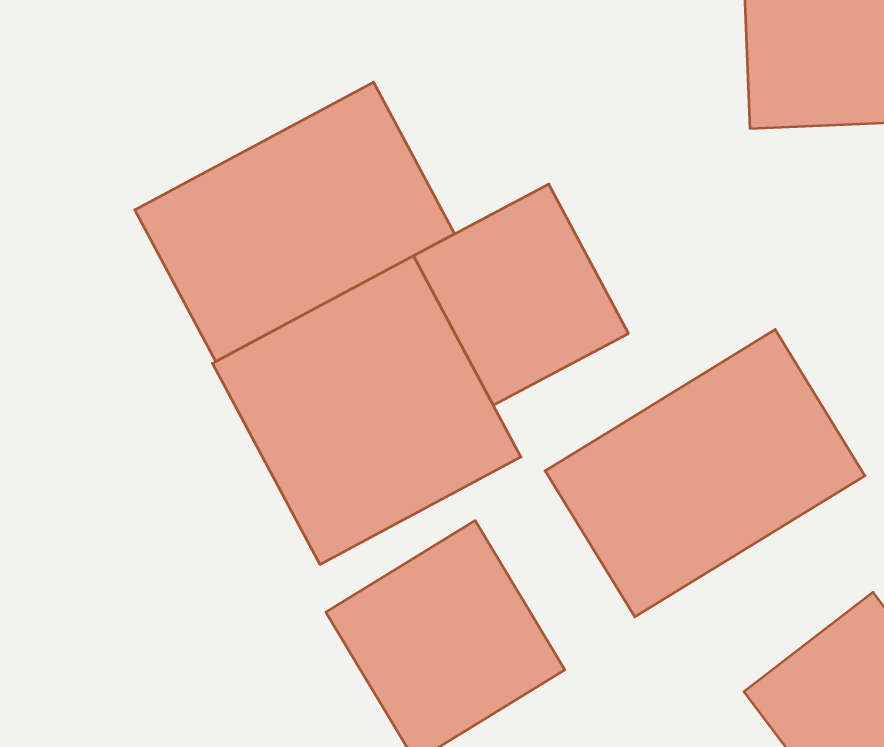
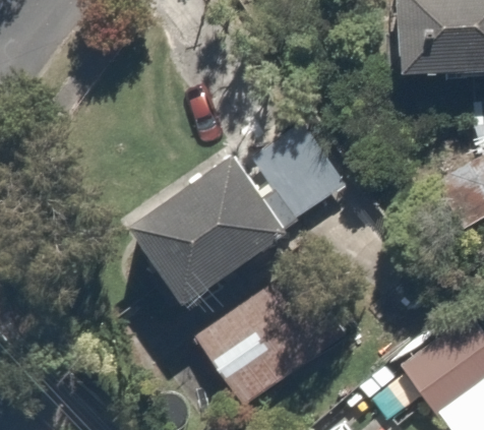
building: [135,82,454,362] -> none
building: [545,329,865,617] -> none

